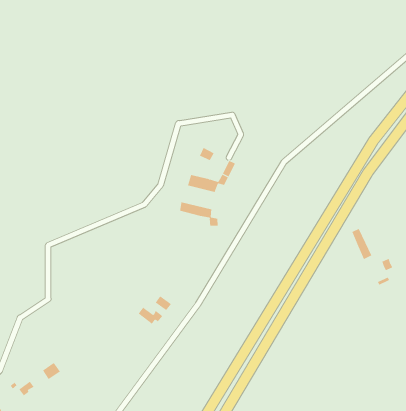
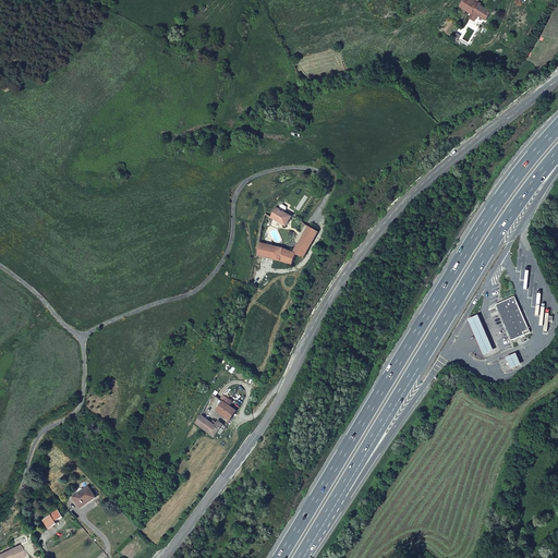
building: [179,201,218,226] -> none
building: none -> [493,294,527,339]

